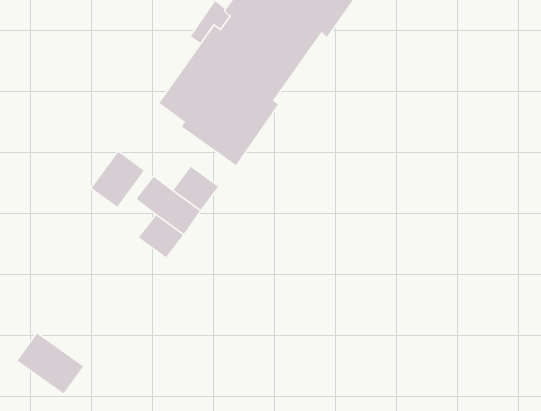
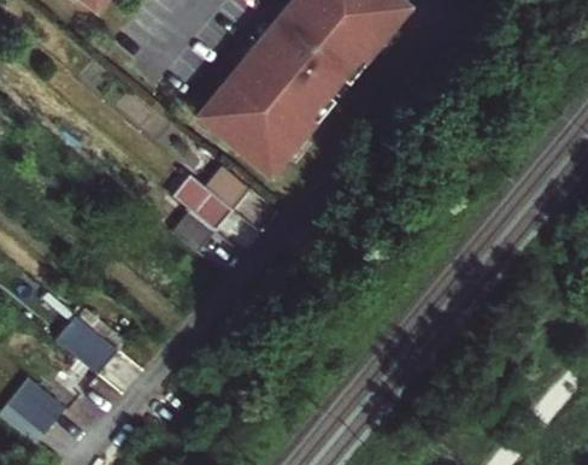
building: [91,151,145,208] -> none

